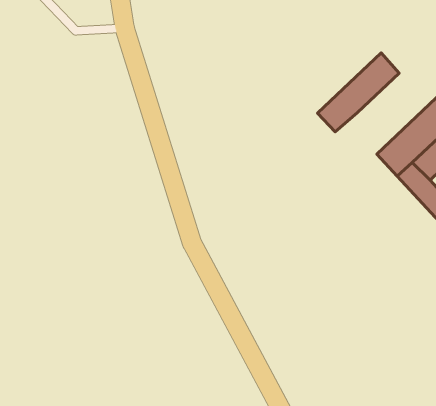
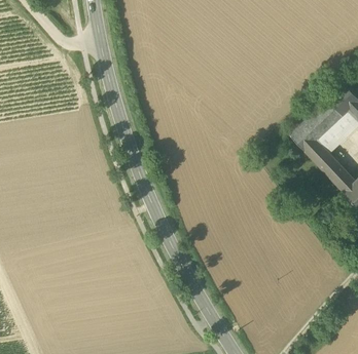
building: [317,53,399,132] -> none

